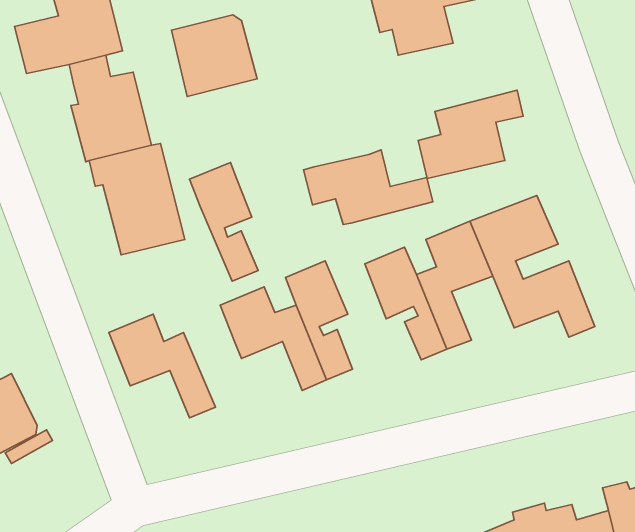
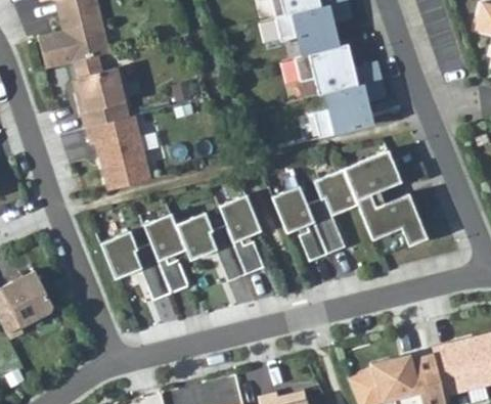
building: [171,15,257,96] -> none
building: [303,150,433,225] -> [287,45,374,95]
building: [190,162,258,281] -> [143,213,189,293]

